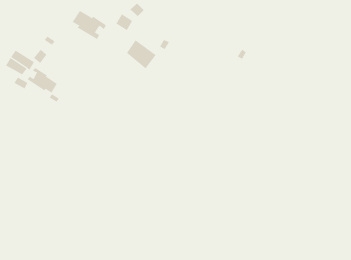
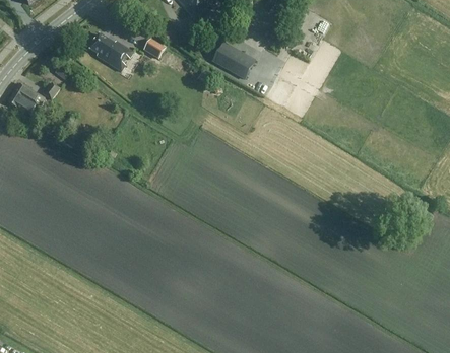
building: [126,40,157,69] -> [206,37,244,73]
building: [27,67,58,93] -> none

